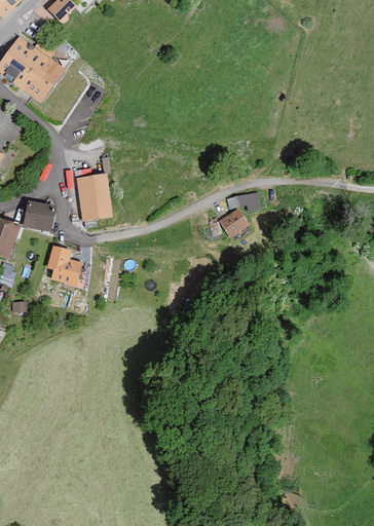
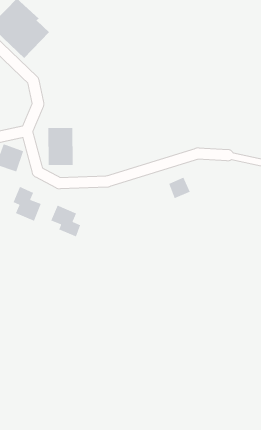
building: [228,191,261,211] -> none
building: none -> [50,204,81,237]

